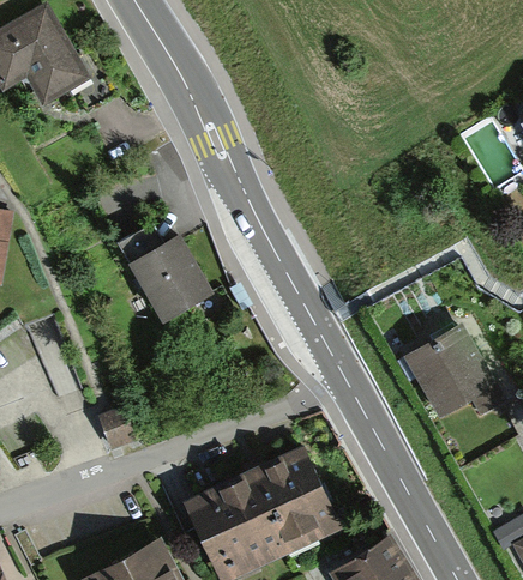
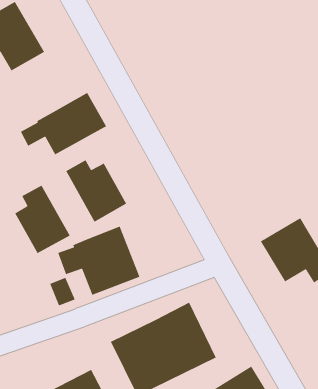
building: none -> [20,92,107,156]
building: none -> [14,184,71,254]
building: none -> [57,225,140,296]

